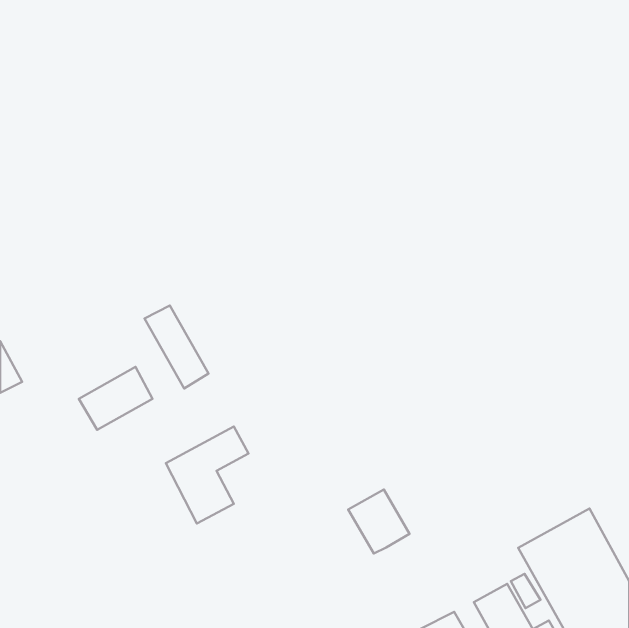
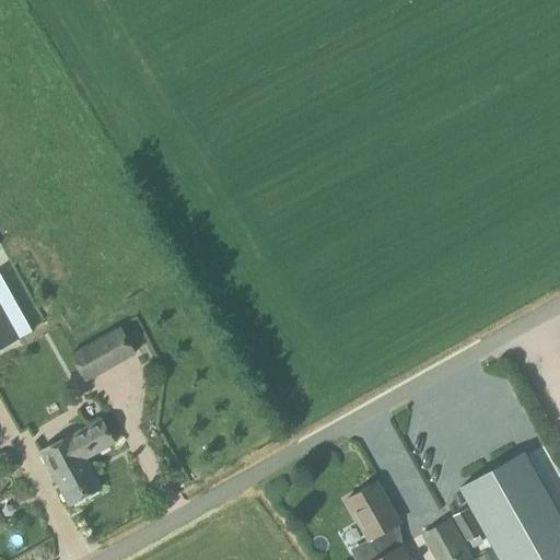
building: [144,306,209,389] -> none
building: [166,426,248,524] -> [42,420,115,506]
building: [348,490,410,554] -> [347,483,401,540]

